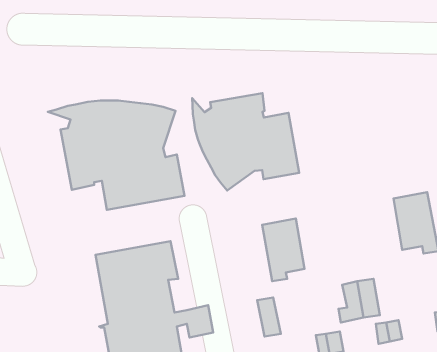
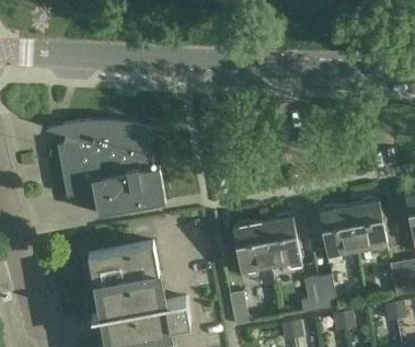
building: [192,93,299,191] -> none
building: none -> [318,204,356,261]
building: none -> [263,215,301,268]

